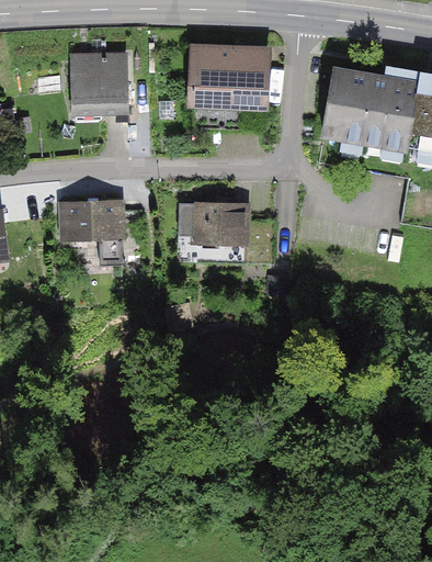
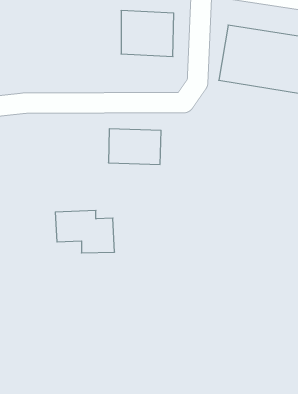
building: [70,54,126,113] -> none
building: [65,198,141,252] -> [55,210,115,253]

